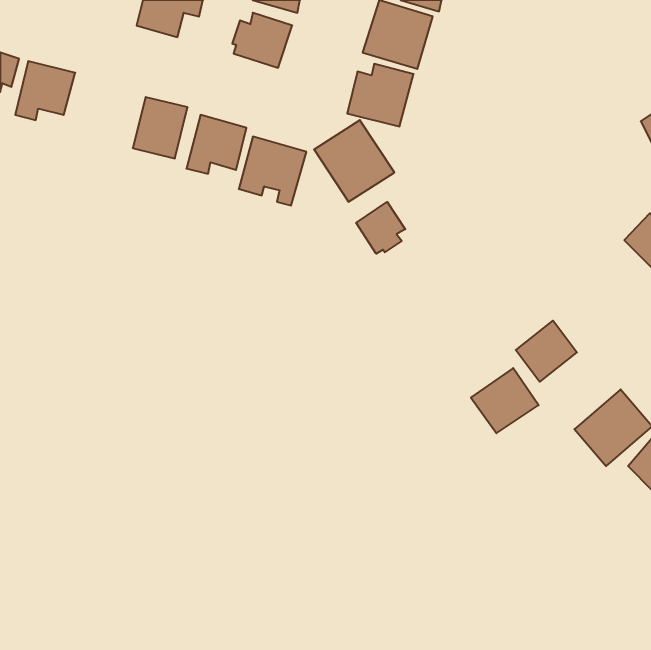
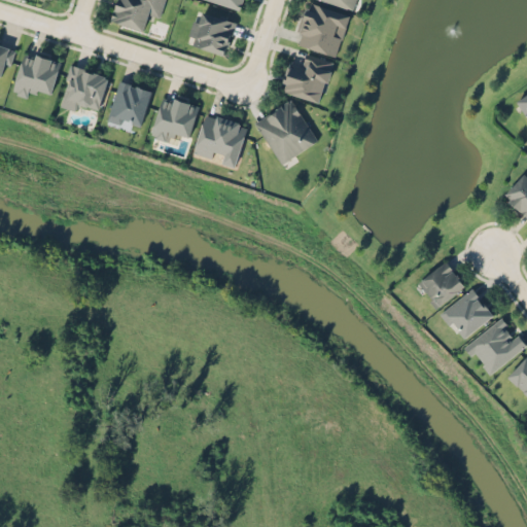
building: none -> [60,65,109,111]
building: [356,202,405,254] -> none
building: [471,368,539,433] -> [441,288,495,341]

